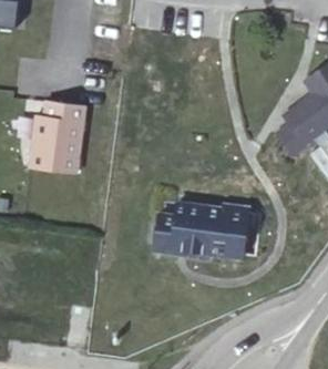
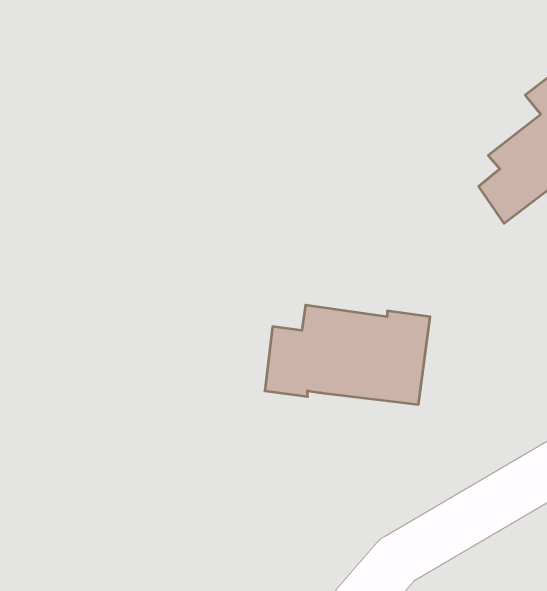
building: [30,101,85,172] -> none

